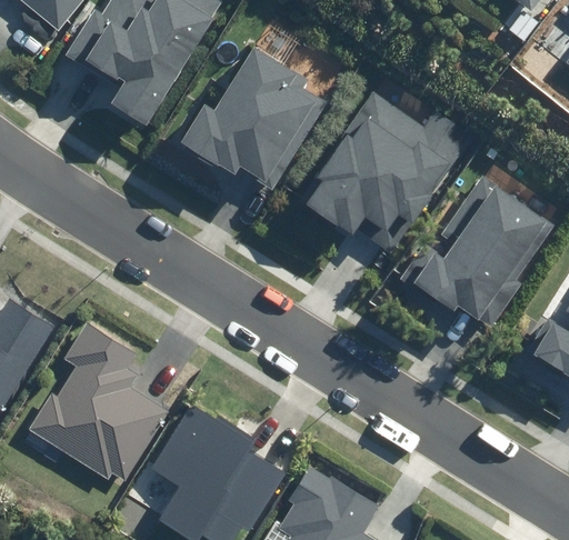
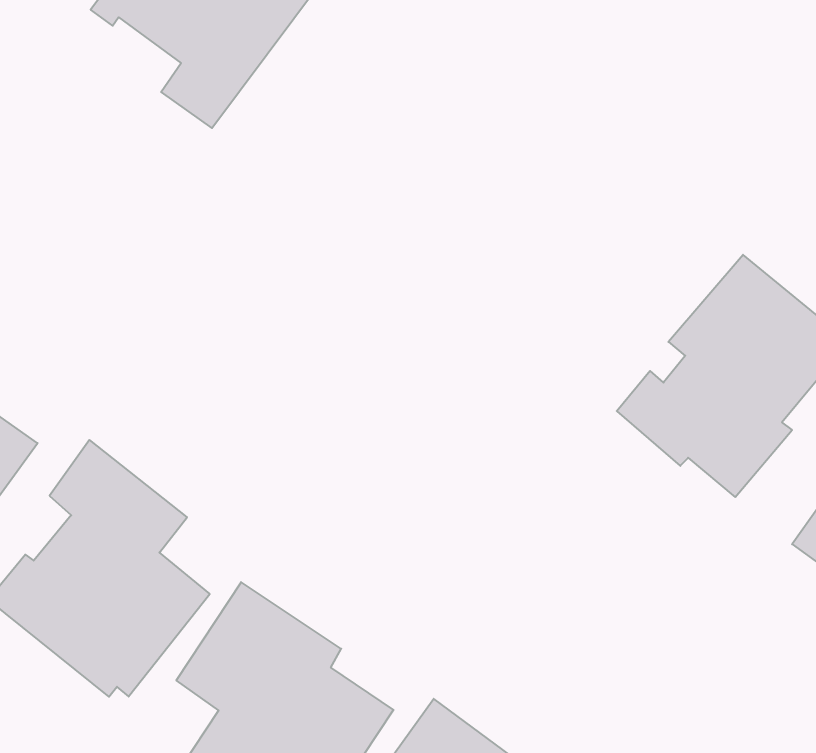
building: [179,48,326,188] -> none
building: [306,91,470,231] -> none

